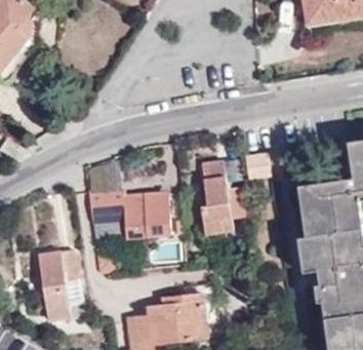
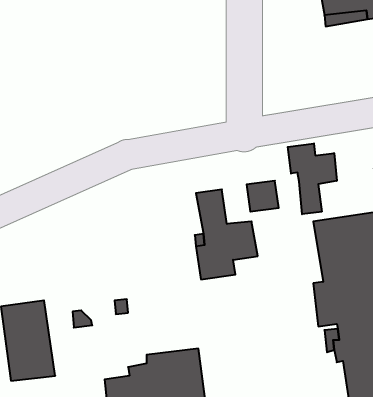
building: none -> [288,143,337,214]
building: [90,191,169,236] -> none

